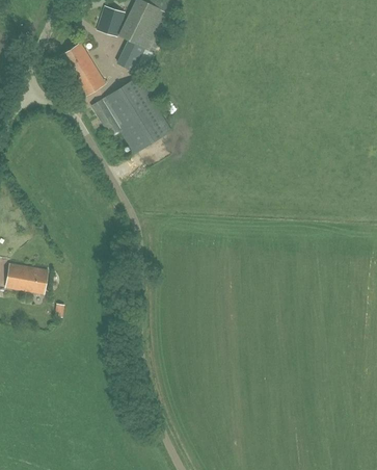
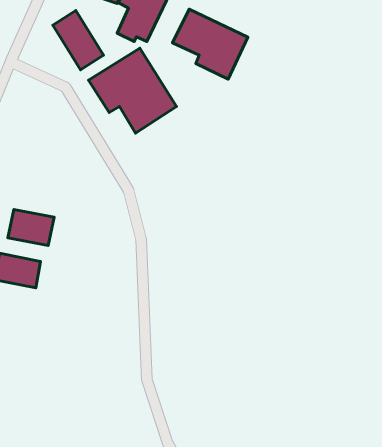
building: none -> [173,9,248,79]
building: none -> [8,209,54,246]

